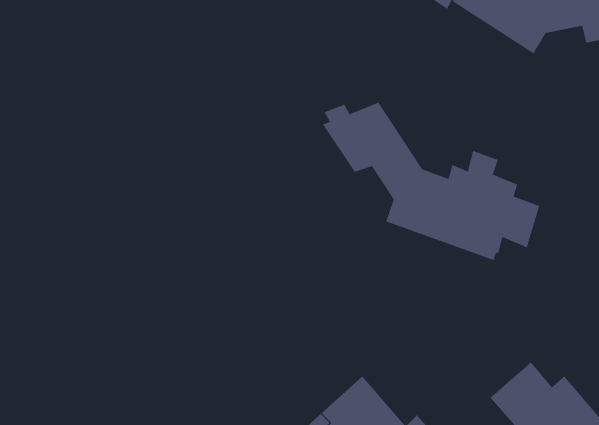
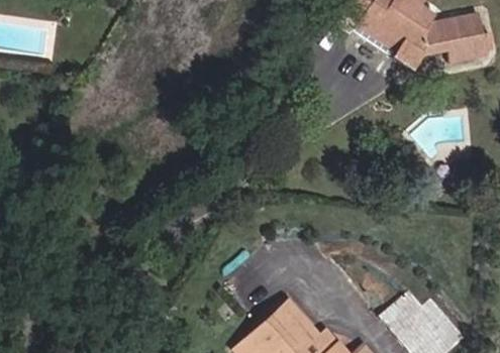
building: [322,102,540,261] -> none

